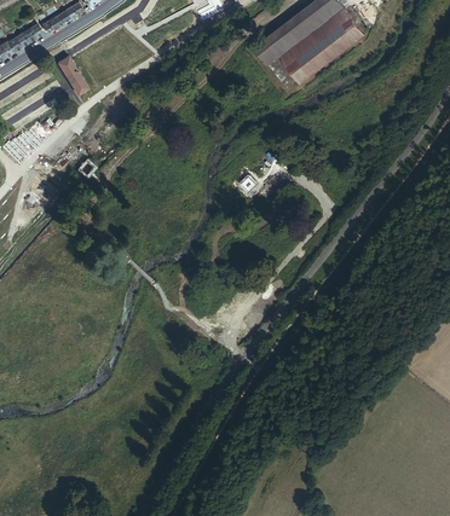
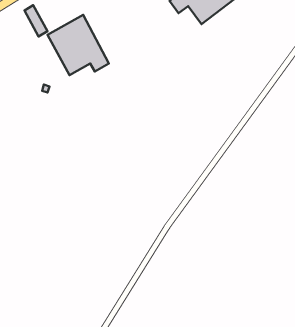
building: none -> [47,15,109,75]

